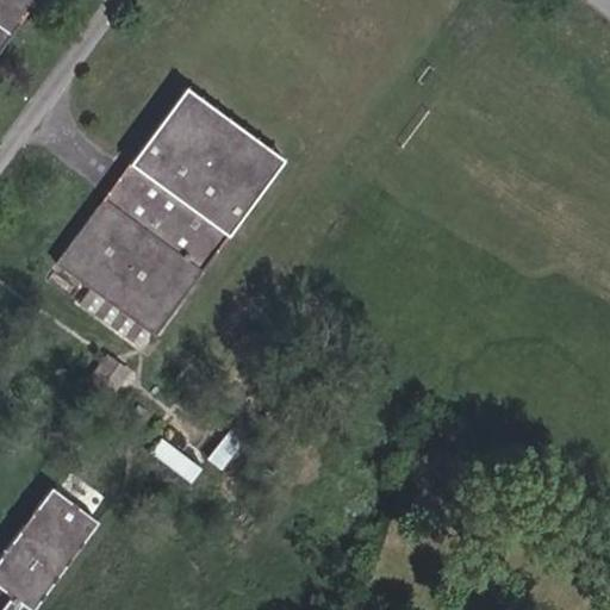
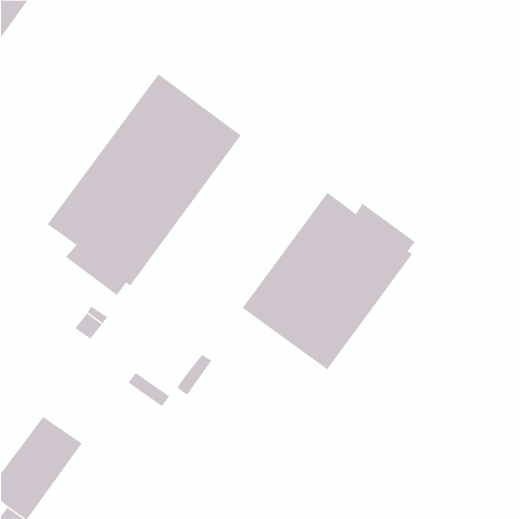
building: none -> [242,192,415,370]

